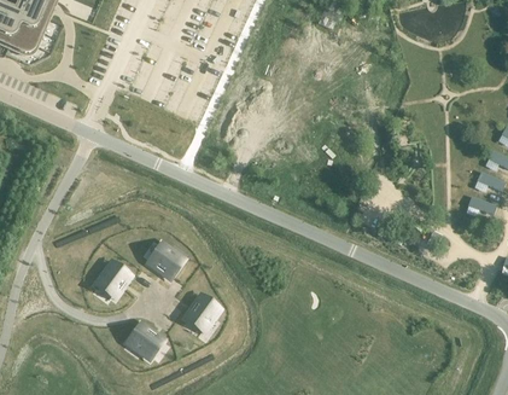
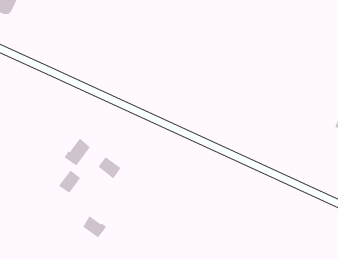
building: none -> [63,137,91,167]
building: [186,296,217,330] -> none

